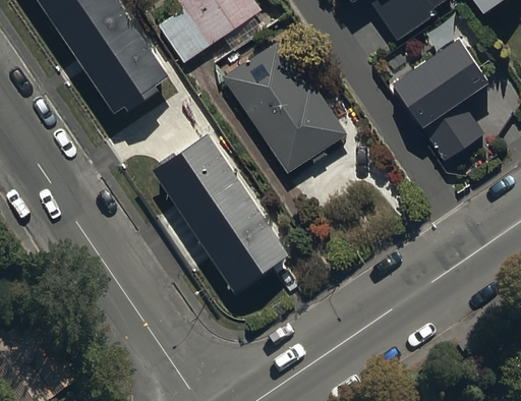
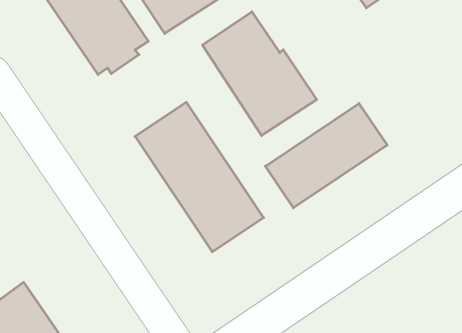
building: [392,36,488,157] -> none
building: none -> [265,103,387,208]

